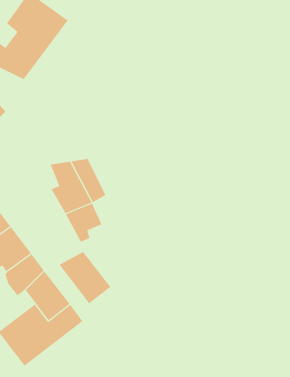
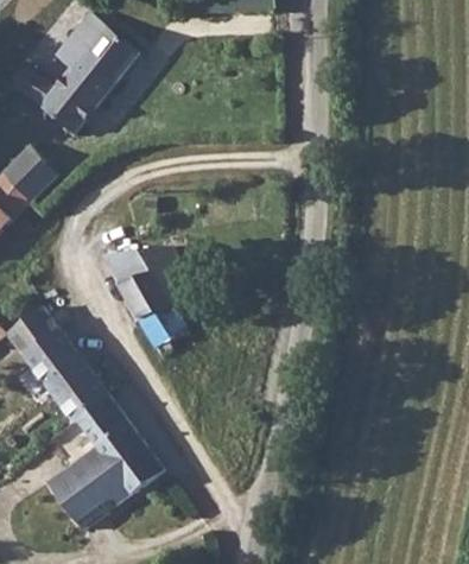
building: [59,251,111,304] -> none

